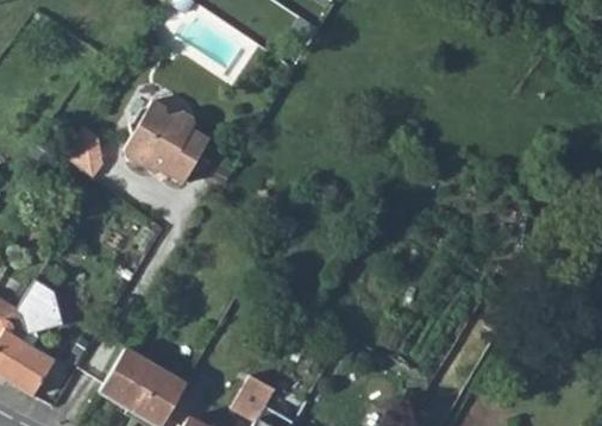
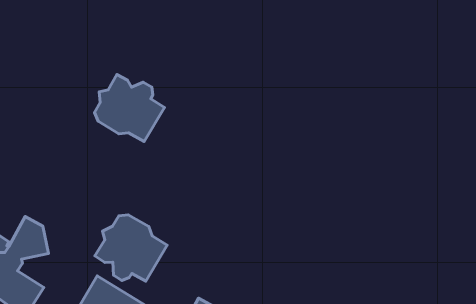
building: [62,130,102,180] -> none
building: none -> [95,215,167,281]

